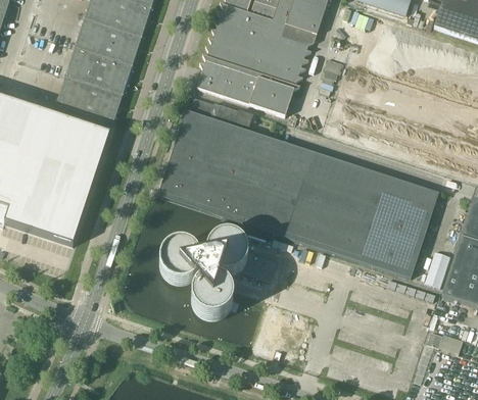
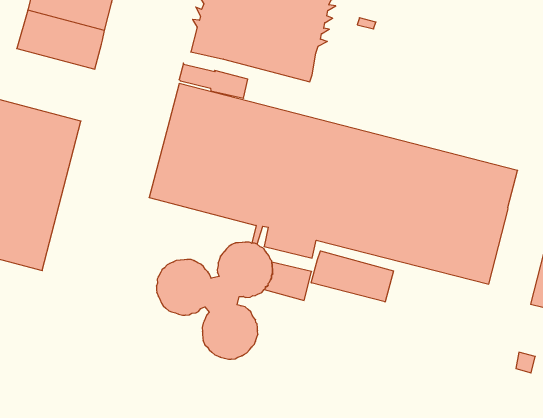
building: [55,74,123,122] -> none
building: none -> [311,251,393,302]

